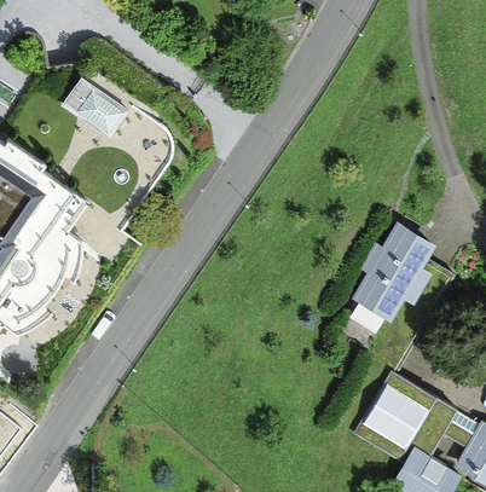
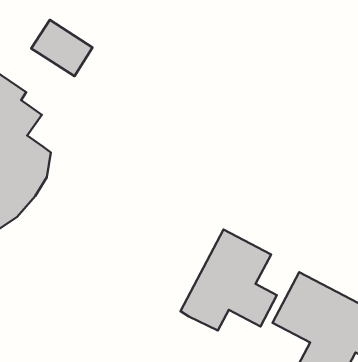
building: [353,226,432,323] -> none
building: none -> [181,230,277,331]

